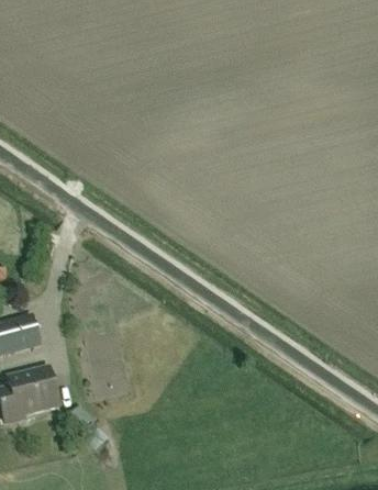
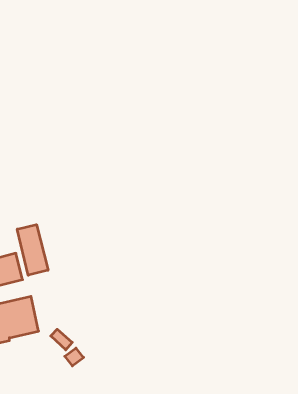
building: none -> [17,225,48,275]

